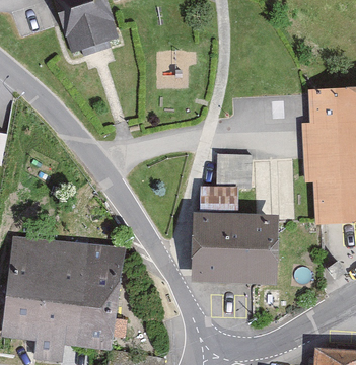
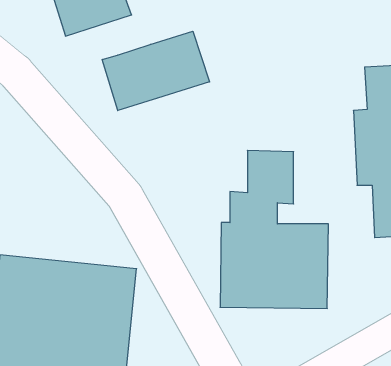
building: none -> [102,31,210,111]

